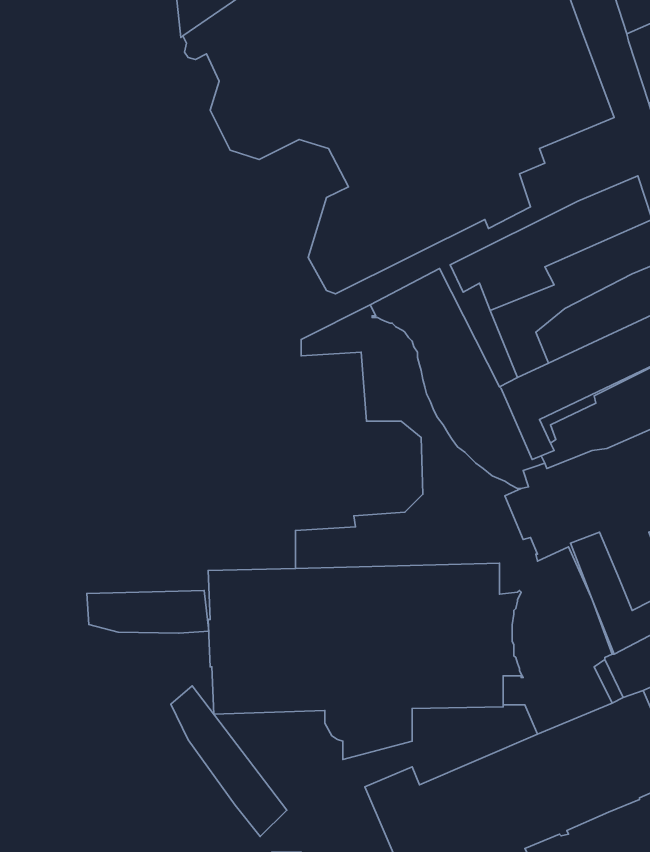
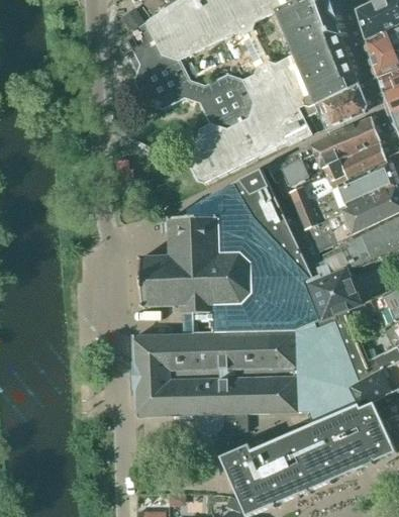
building: none -> [317,83,367,126]
building: none -> [139,213,253,312]
building: none -> [298,268,360,326]
building: [87,591,209,633] -> none
building: [171,686,287,836] -> none

